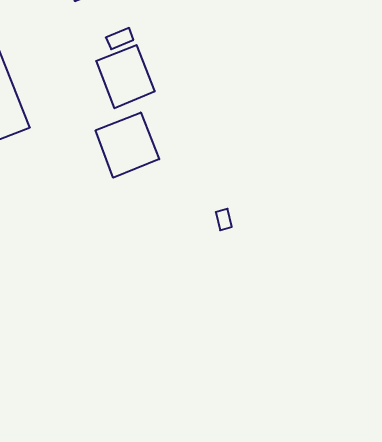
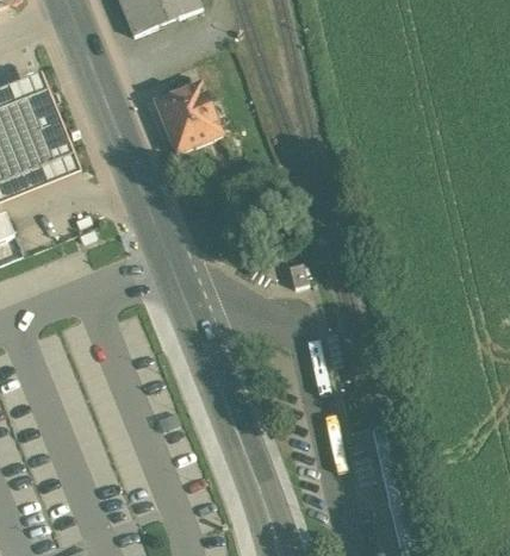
building: [96,112,159,178] -> none

